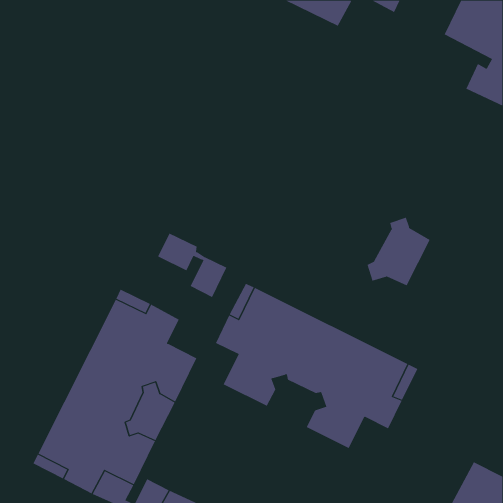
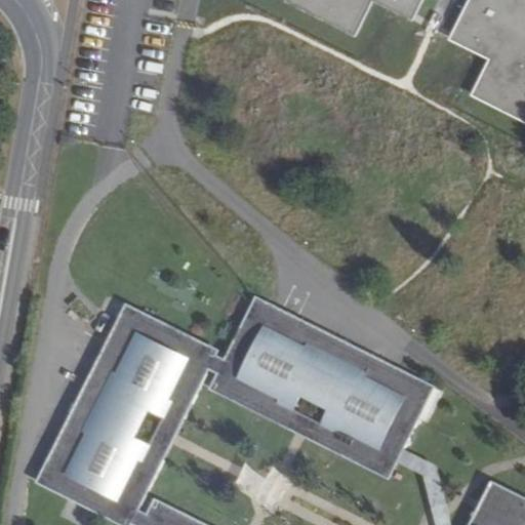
building: [367,217,430,286] -> none
building: [157,233,227,298] -> [174,333,247,401]
building: none -> [278,391,338,445]
building: none -> [363,435,404,480]

